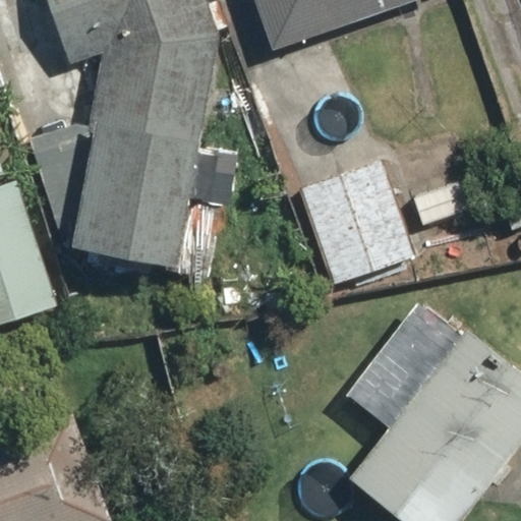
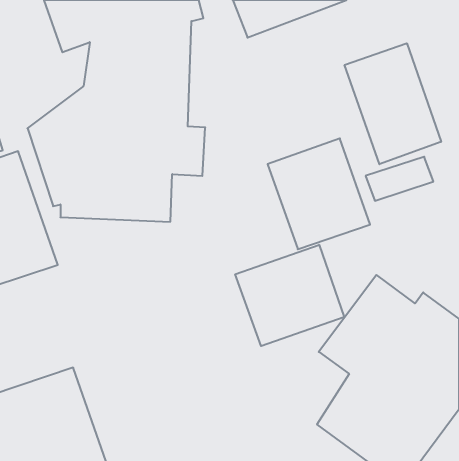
building: none -> [345,43,441,164]
building: none -> [235,245,344,346]

